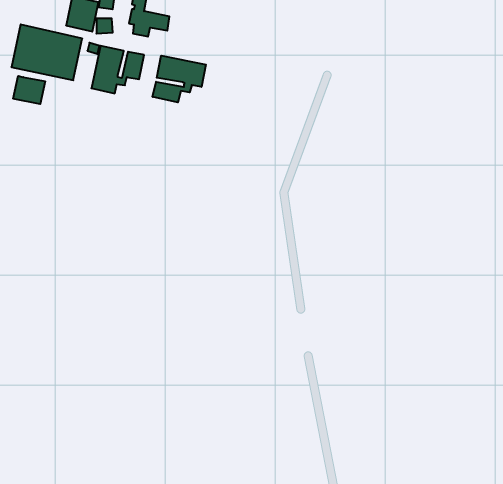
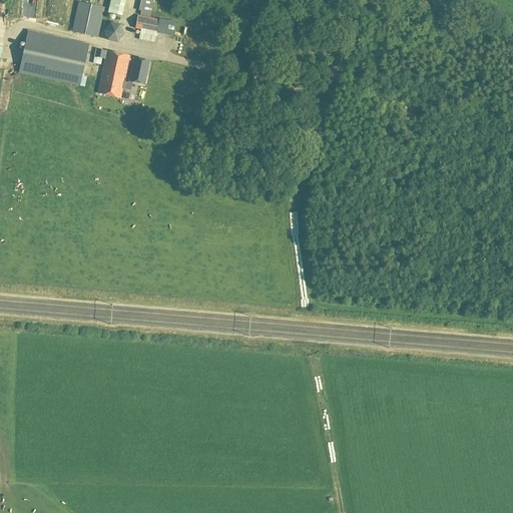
building: [153,56,206,102] -> none
building: [13,76,45,104] -> none

